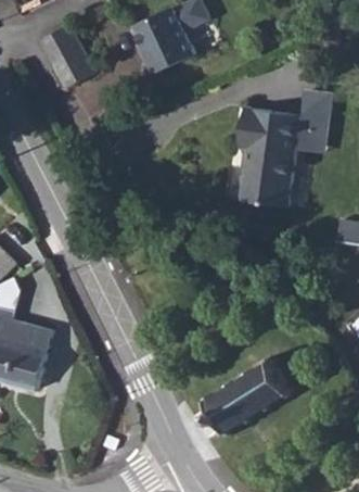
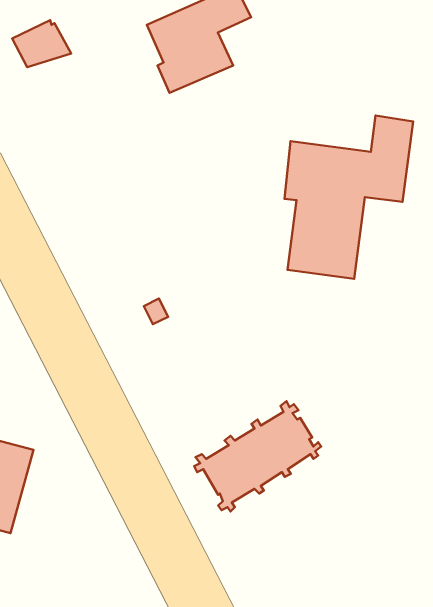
building: [50,46,94,85] -> none
building: [204,357,295,437] -> [194,401,321,512]

